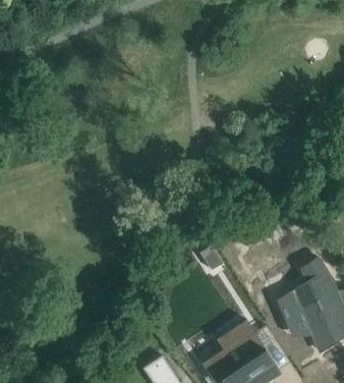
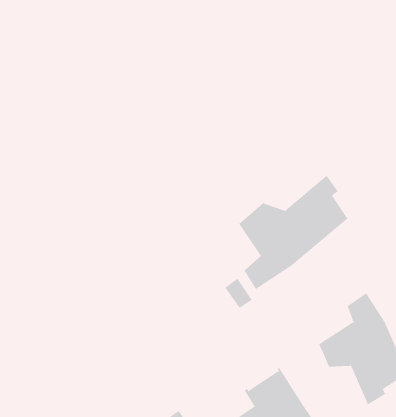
building: none -> [239,175,348,290]

